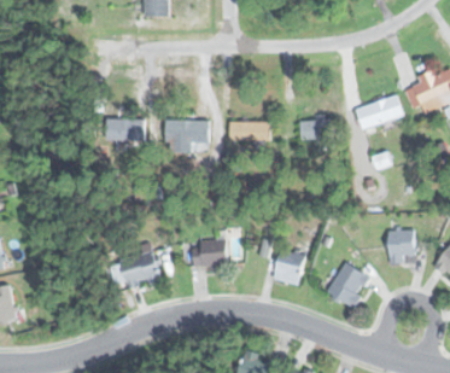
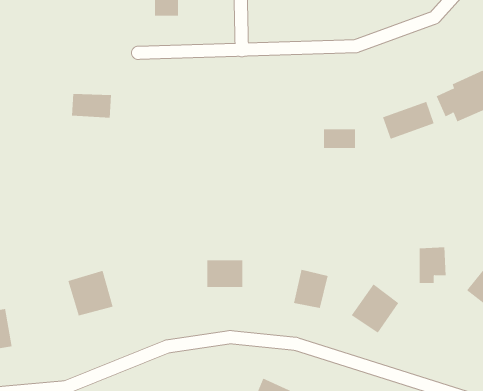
building: [107,117,145,140] -> [71,93,112,118]
building: [165,120,208,152] -> none
building: [228,121,269,140] -> none
building: [118,246,160,289] -> [68,270,114,316]

